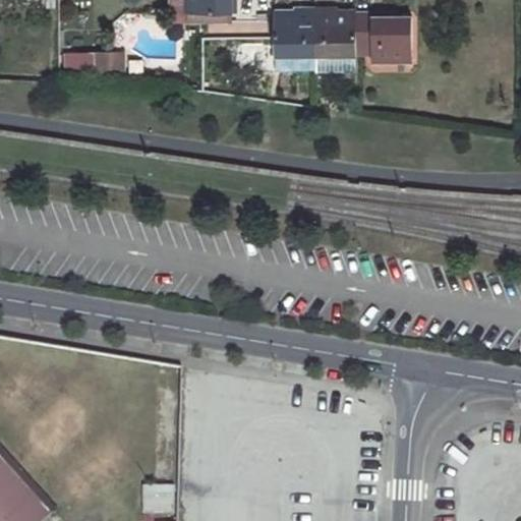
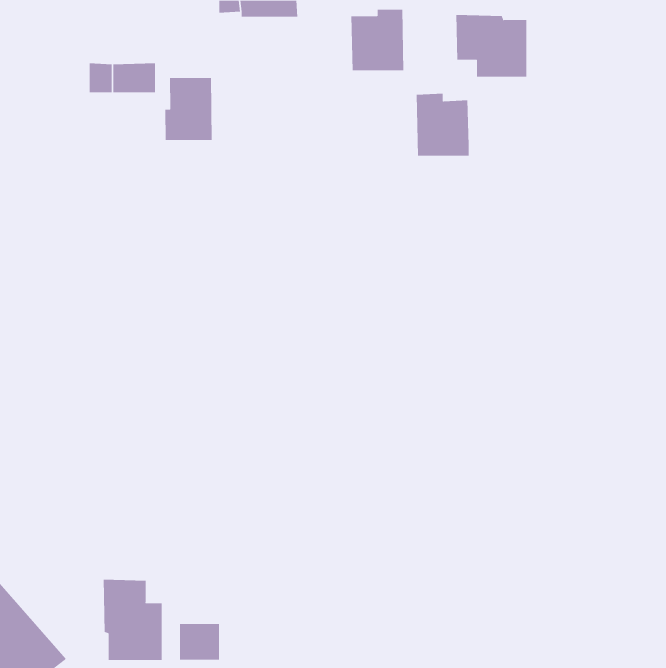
building: [313,7,355,56] -> [416,93,470,156]
building: none -> [165,77,212,141]
building: none -> [103,579,162,661]

